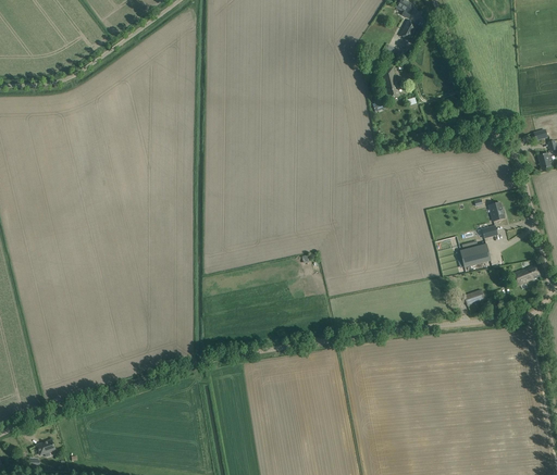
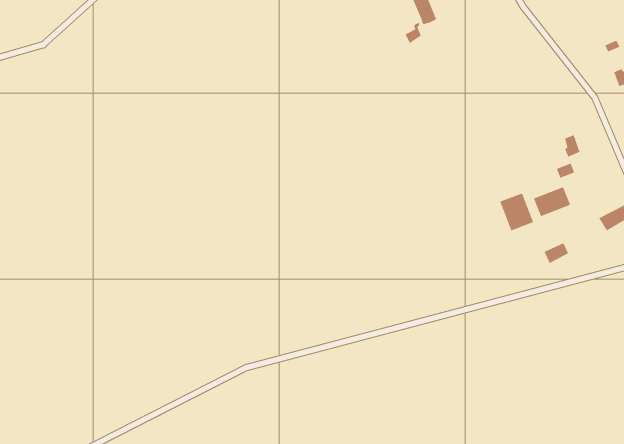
building: none -> [499,192,534,231]

